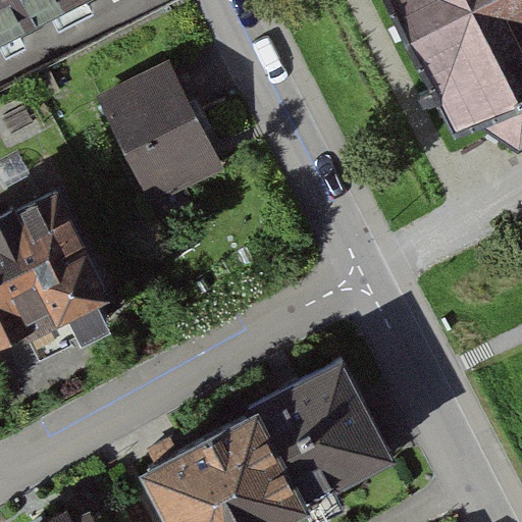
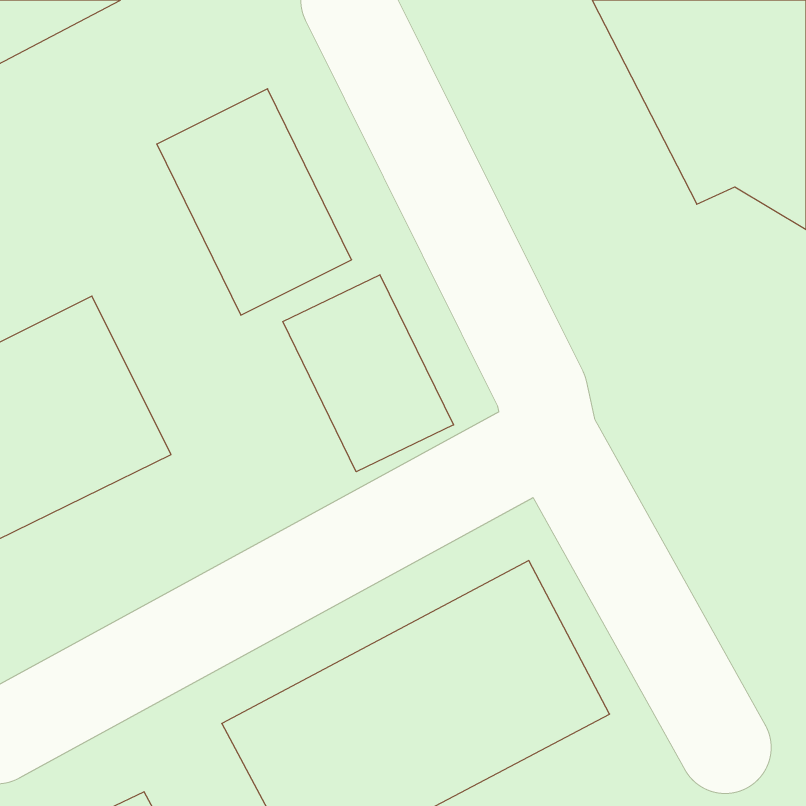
building: none -> [283,275,454,472]

